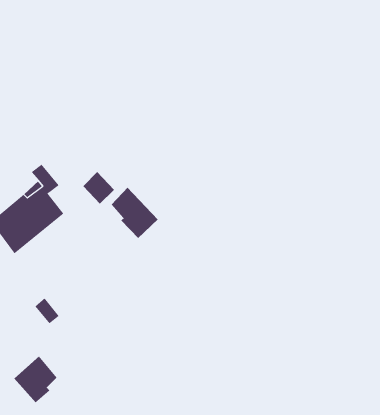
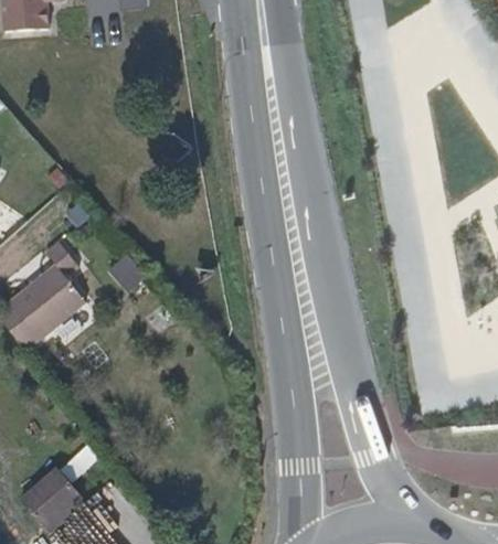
building: [111,187,158,239] -> none

